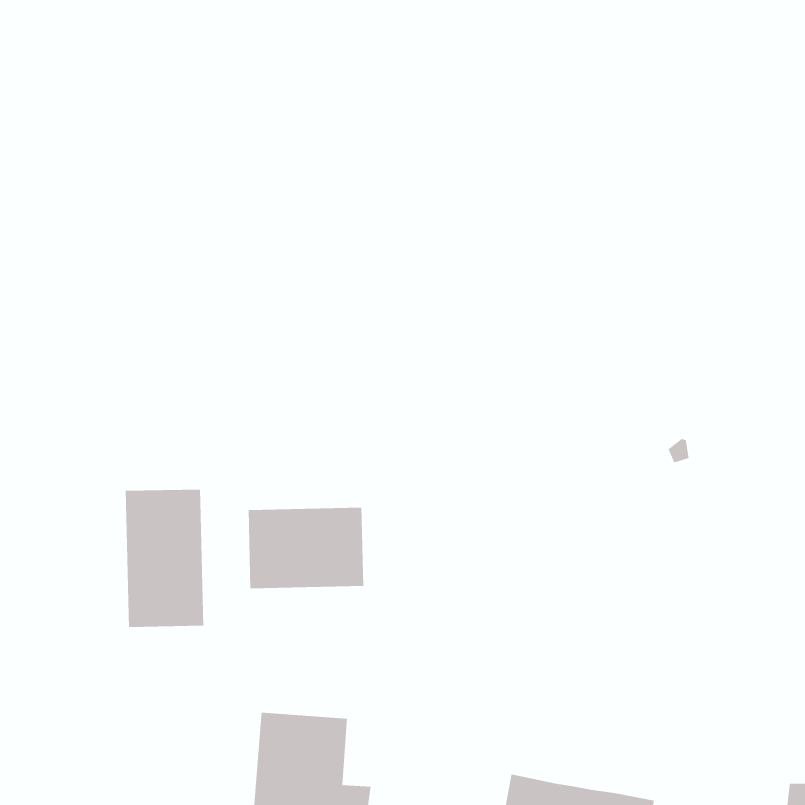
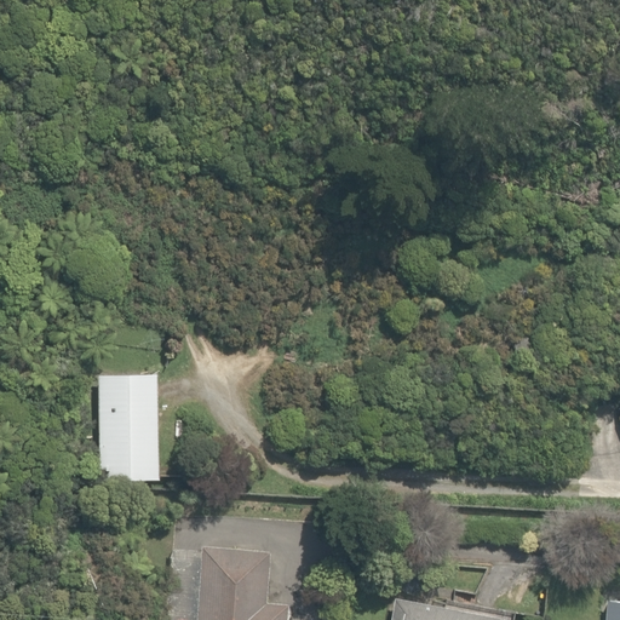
building: [248,507,364,589] -> none

